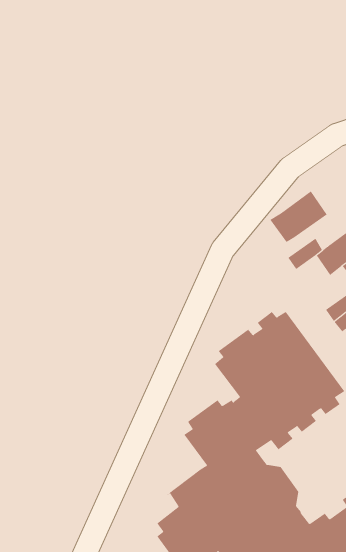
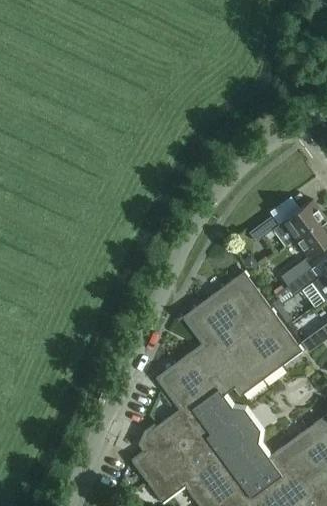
building: [270,190,327,243] -> none

